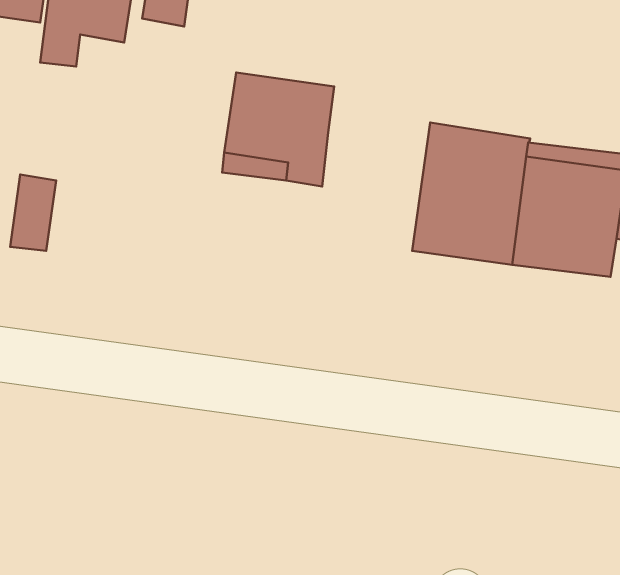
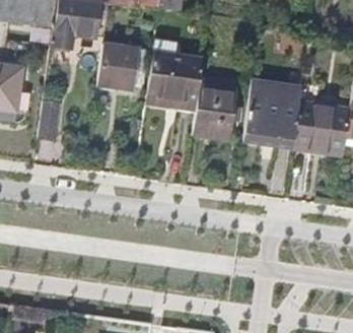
building: none -> [94,57,137,105]
building: none -> [193,81,237,138]

